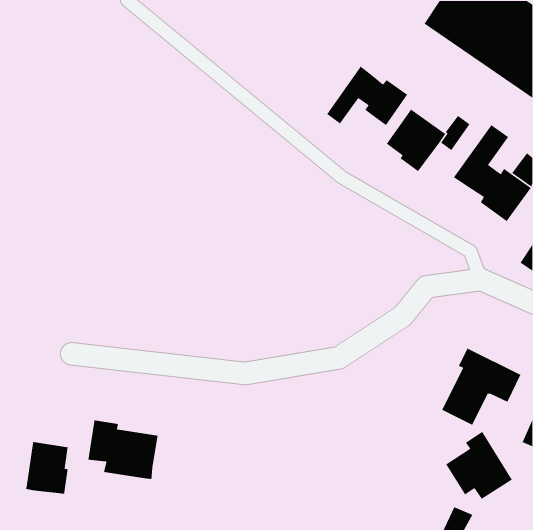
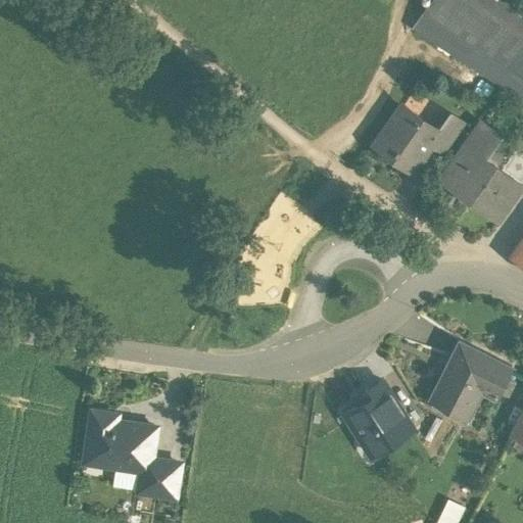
building: [326,66,408,126] -> none
building: [445,431,513,500] -> [345,383,412,450]
building: [25,441,68,495] -> none
building: none -> [138,461,179,497]

